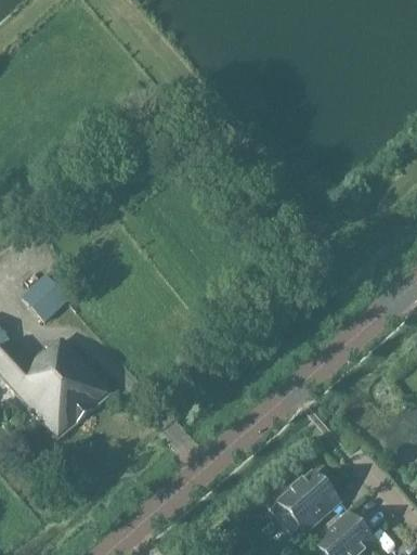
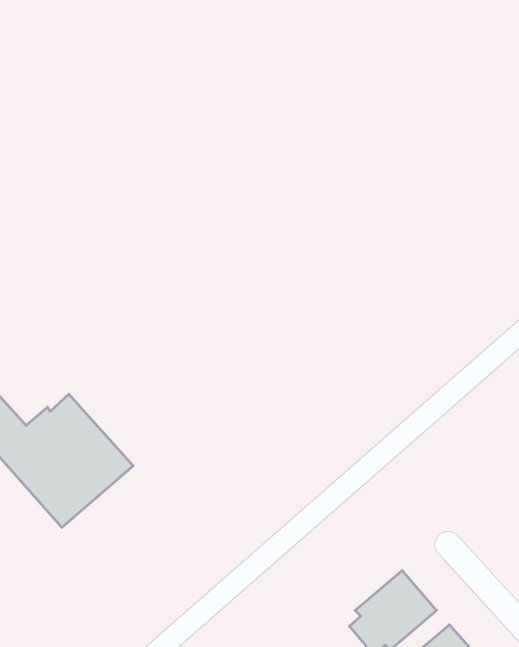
building: [21,274,66,321] -> none

